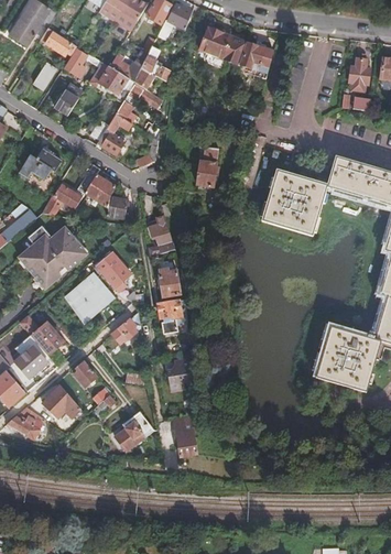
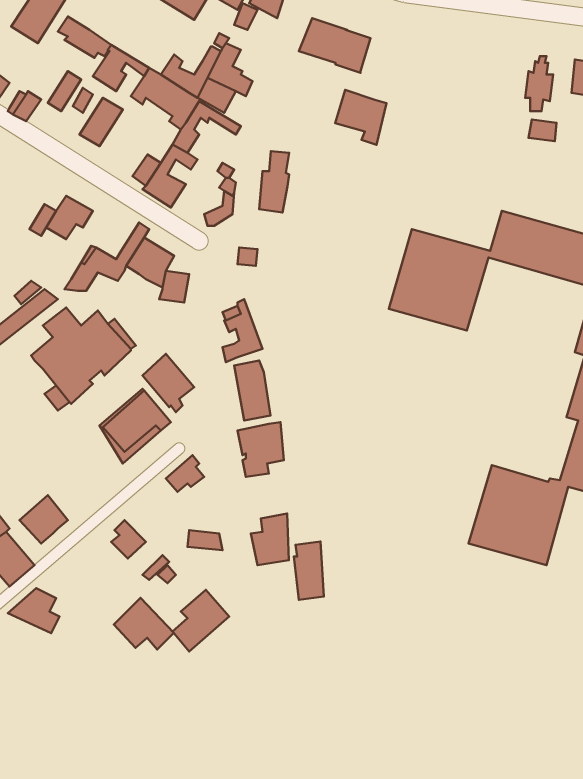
building: [240,42,274,78] -> [335,90,387,145]
building: [197,149,217,189] -> [259,151,289,213]
building: [19,313,64,355] -> none
building: [42,383,82,417] -> [114,598,174,649]
building: [175,415,195,454] -> [294,542,324,600]

